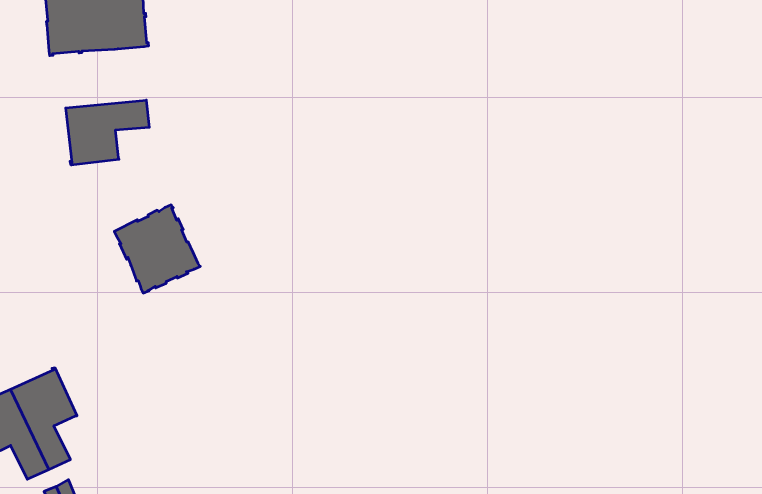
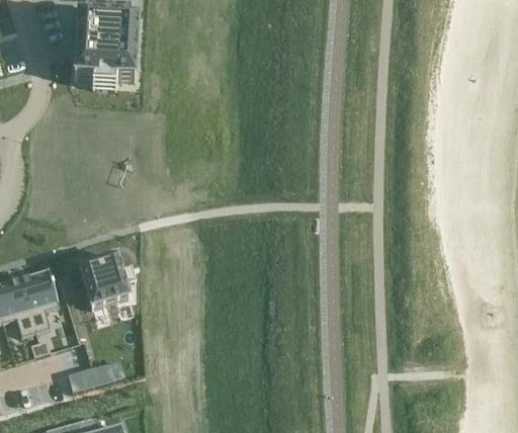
building: [66,100,149,165] -> none
building: [114,205,200,293] -> [79,256,128,308]

